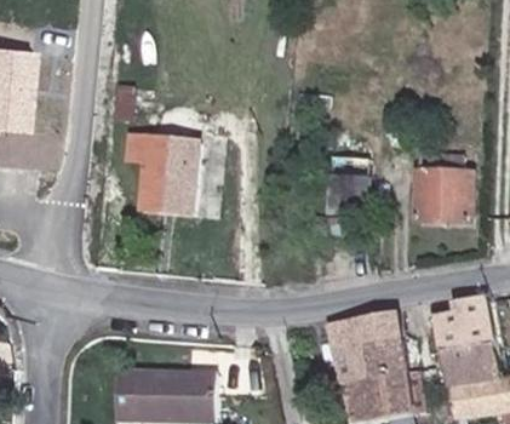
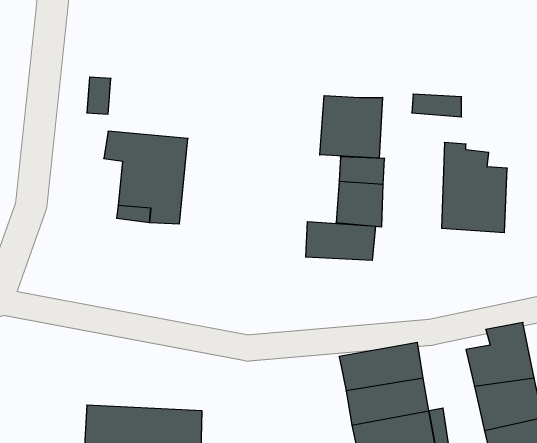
building: none -> [320,96,383,158]
building: none -> [306,222,375,260]

